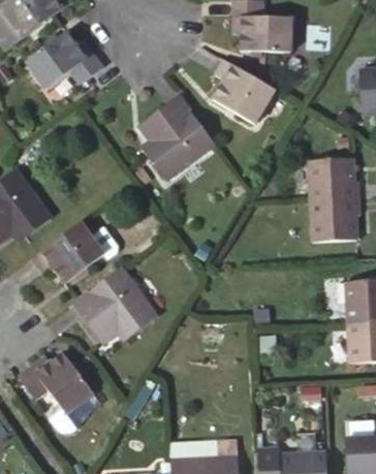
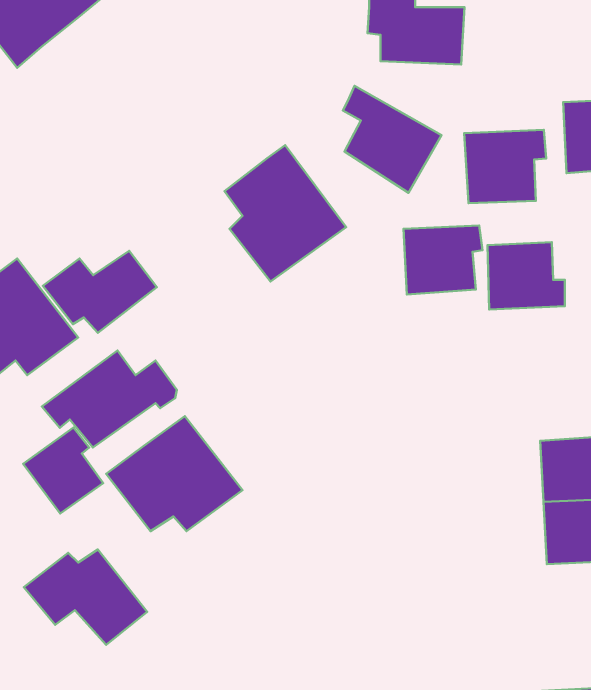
building: [24,27,103,86] -> none
building: none -> [464,130,546,203]
building: none -> [43,251,157,333]
building: [310,197,359,241] -> [403,225,482,294]
building: none -> [23,428,103,513]

